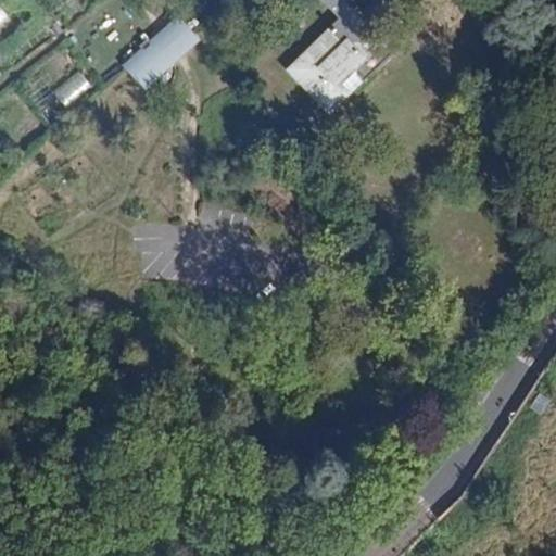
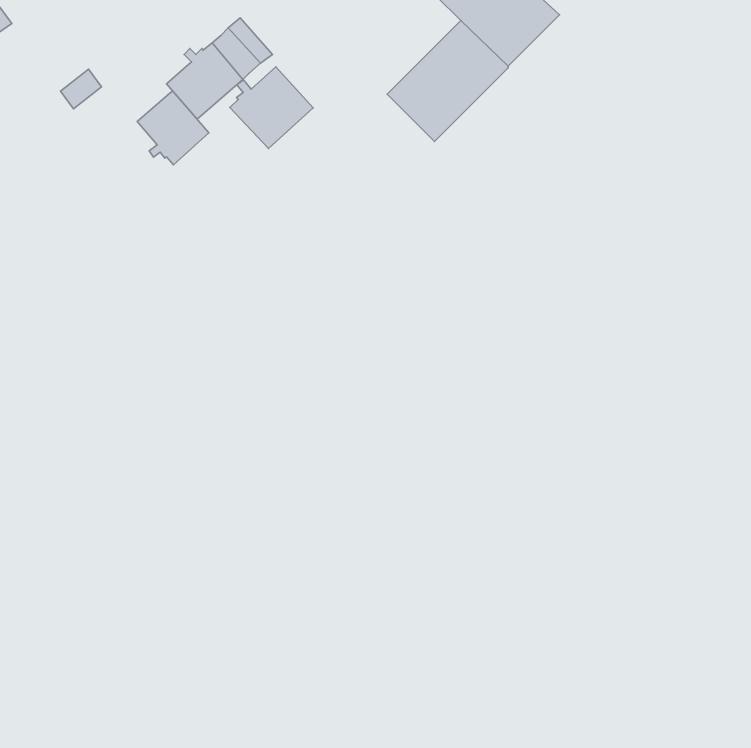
building: none -> [230,67,313,148]
building: none -> [137,91,209,165]

